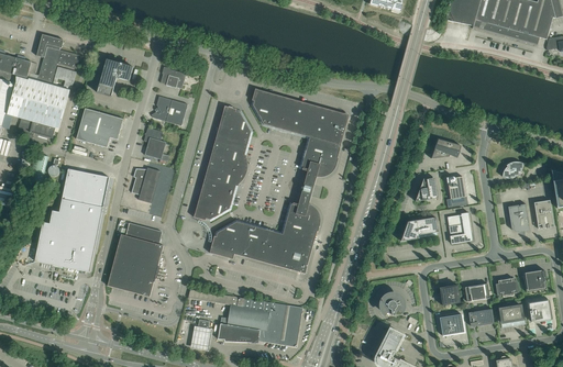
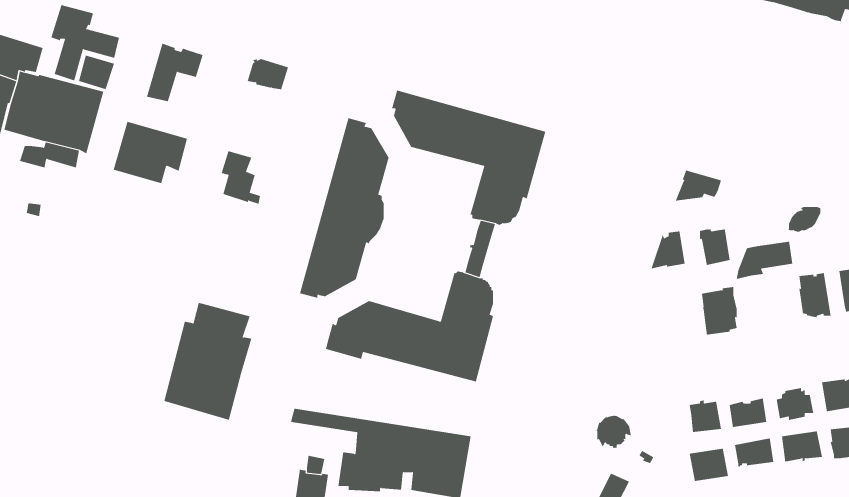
building: [152,96,188,125] -> none
building: [132,167,161,202] -> none
building: [35,168,110,271] -> none
building: [401,216,438,241] -> [736,241,793,279]

